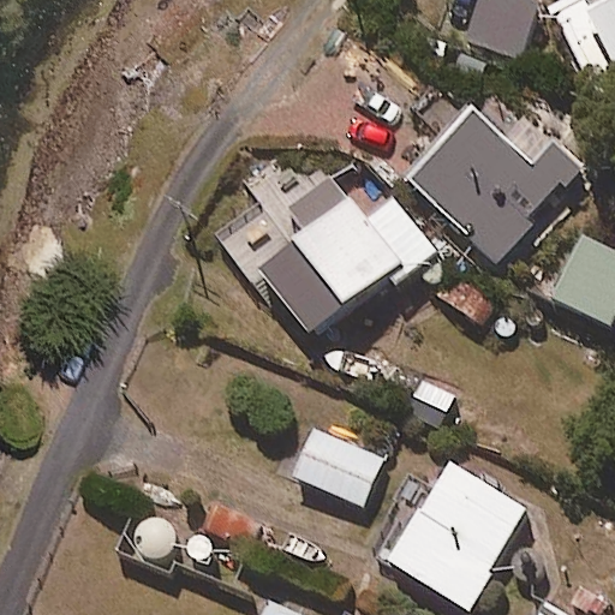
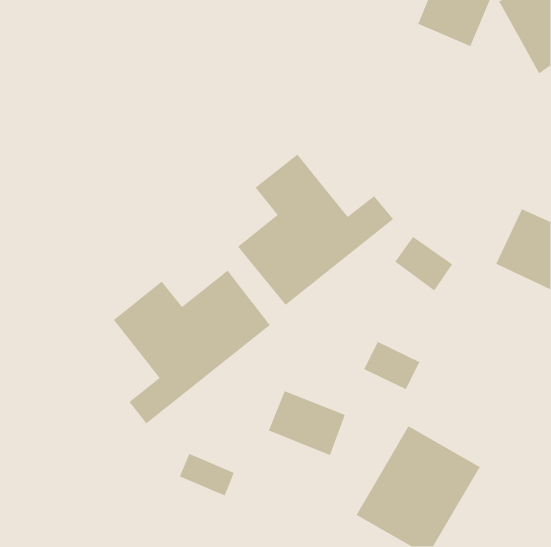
building: [412,113,585,263] -> none
building: none -> [113,270,271,425]

